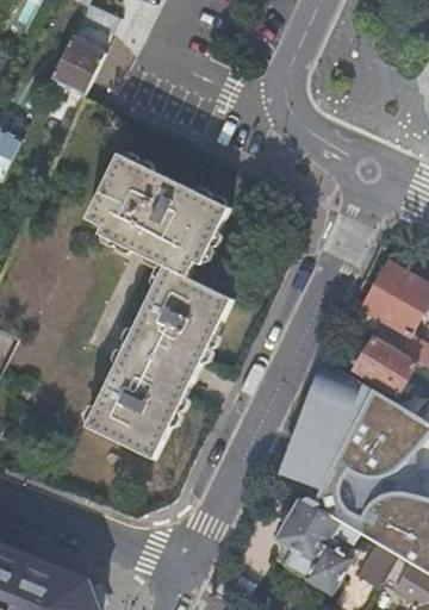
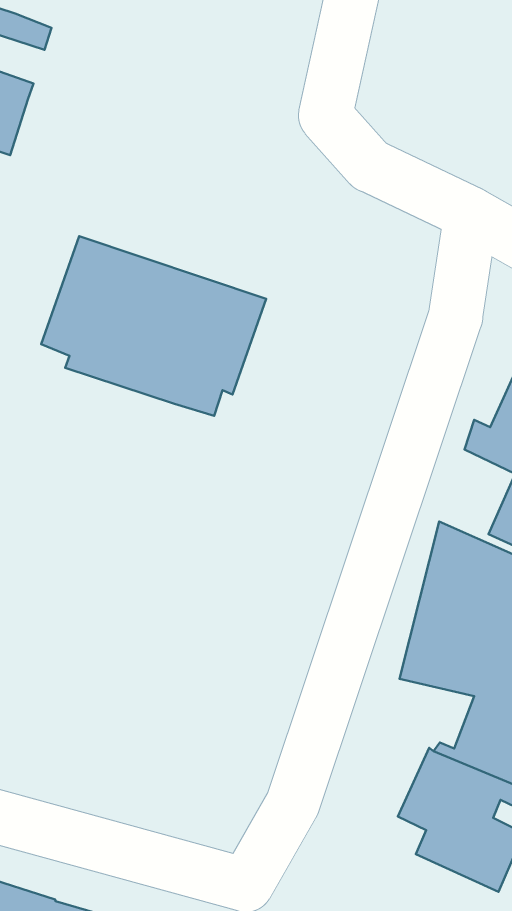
building: [88,266,235,460] -> none

